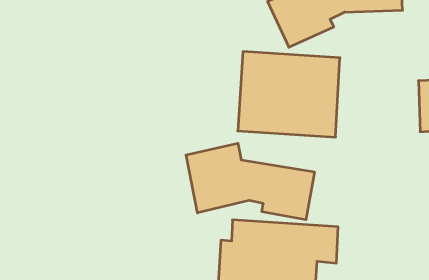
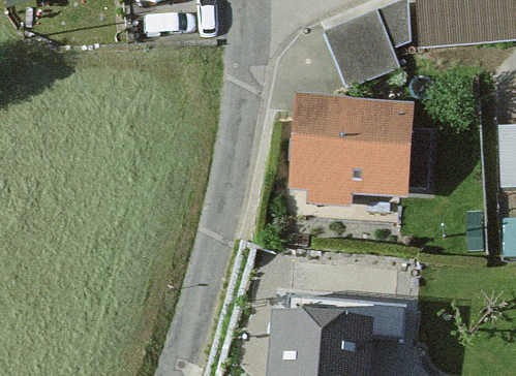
building: [186,143,314,220] -> none

